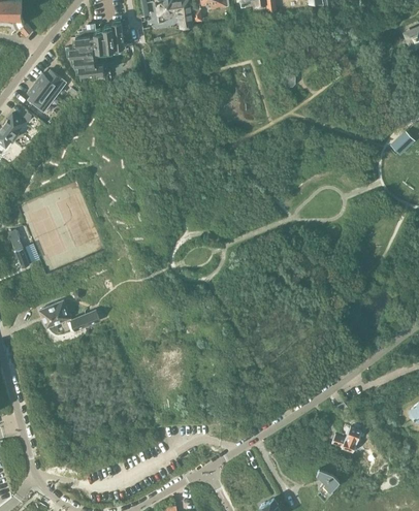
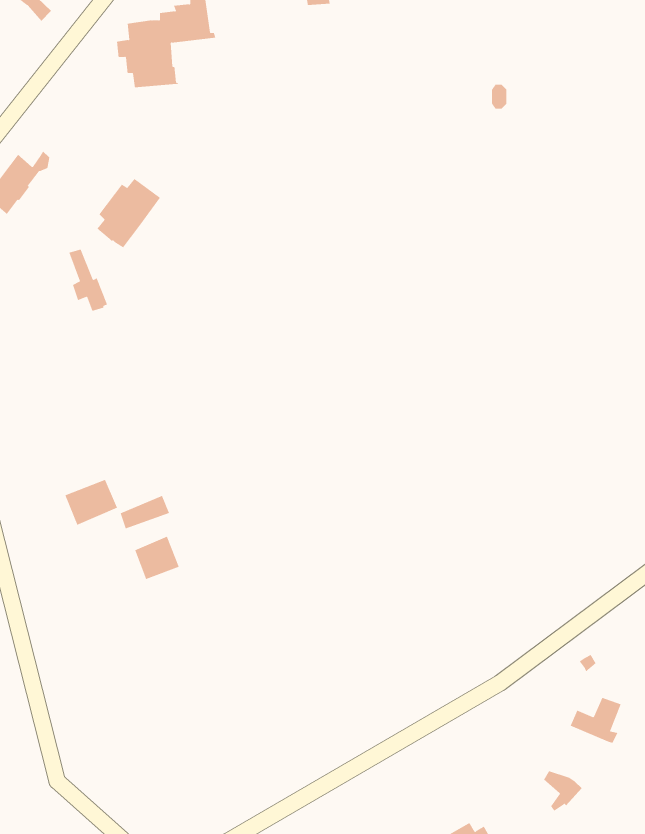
building: [28,71,65,111] -> [97,178,161,248]
building: [8,231,31,267] -> [69,249,108,312]
building: none -> [134,536,180,580]

